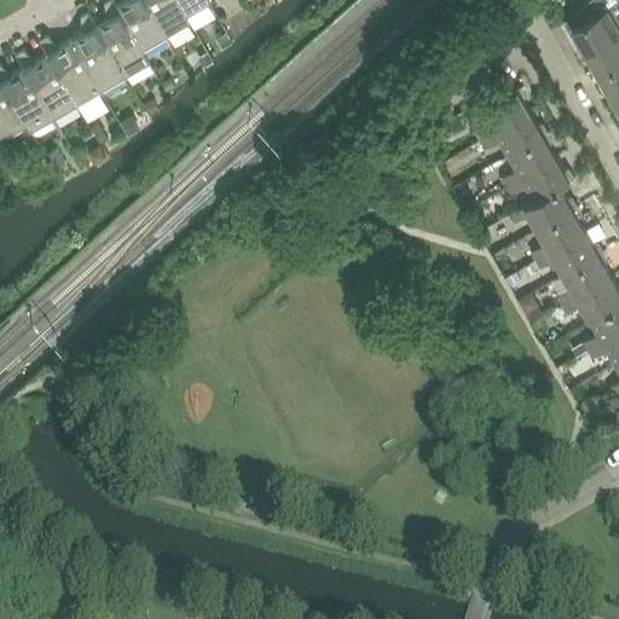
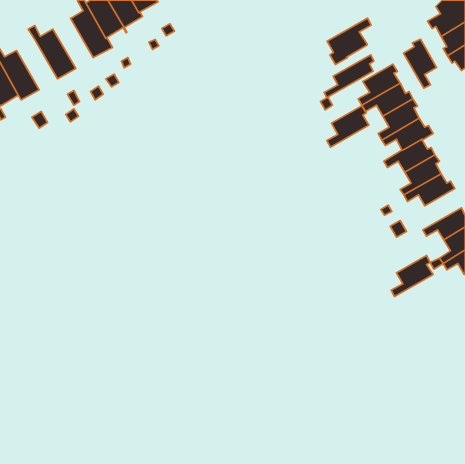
building: [70,16,123,96] -> none
building: none -> [327,18,371,65]
building: [15,53,76,123] -> none
building: none -> [403,39,437,88]
building: none -> [324,55,374,98]
building: none -> [327,106,369,147]
building: [555,254,611,308] -> [391,255,433,297]

